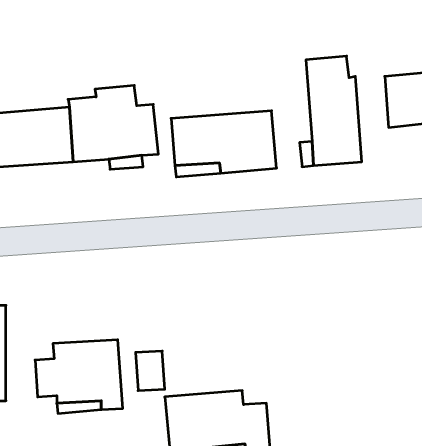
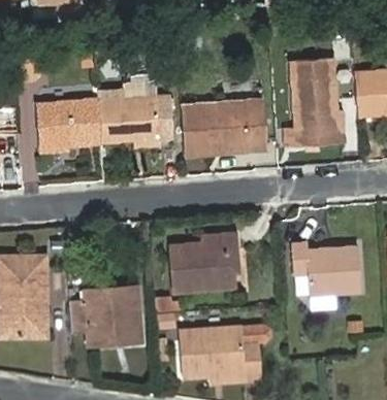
building: none -> [170,233,235,291]
building: none -> [291,241,359,292]

